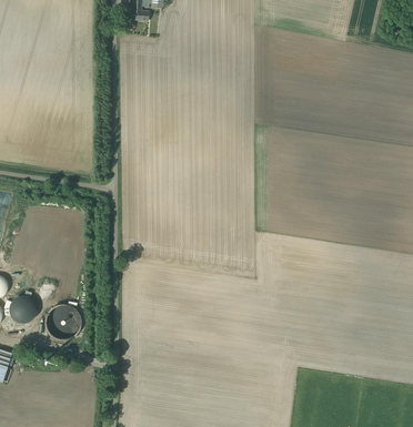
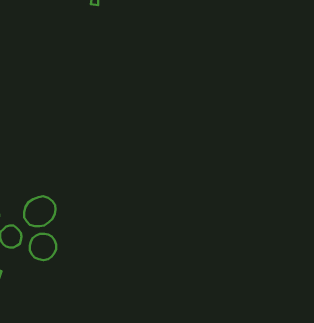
building: none -> [24,196,55,226]

